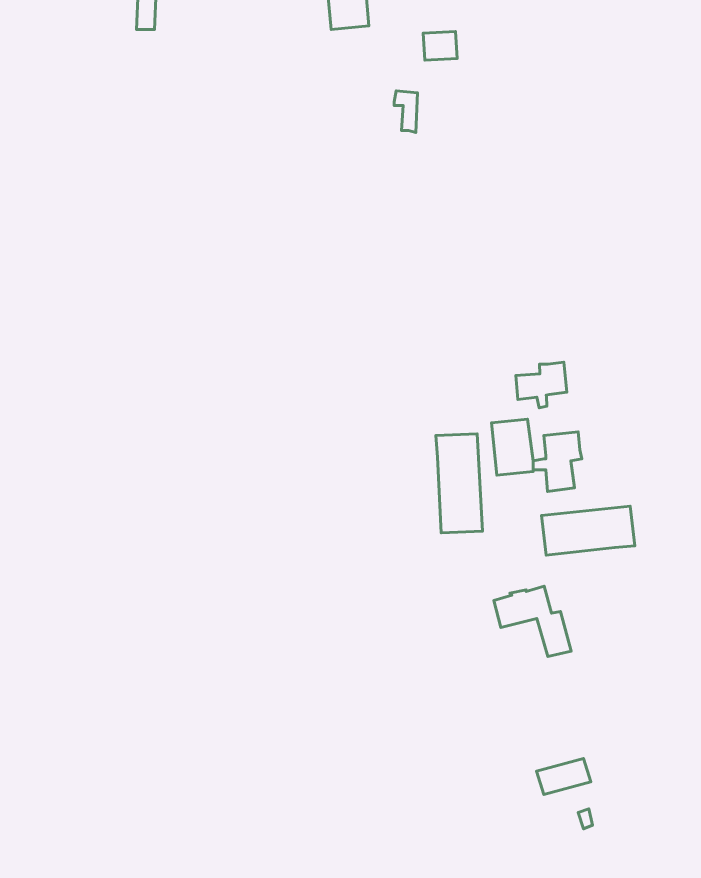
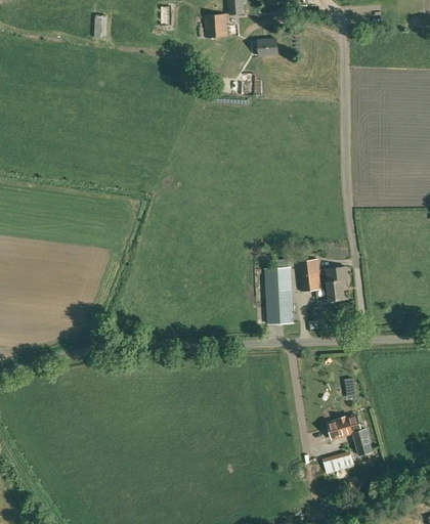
building: [516,362,567,408] -> none
building: [541,506,635,555] -> none
building: [494,586,571,656] -> [328,416,372,455]

